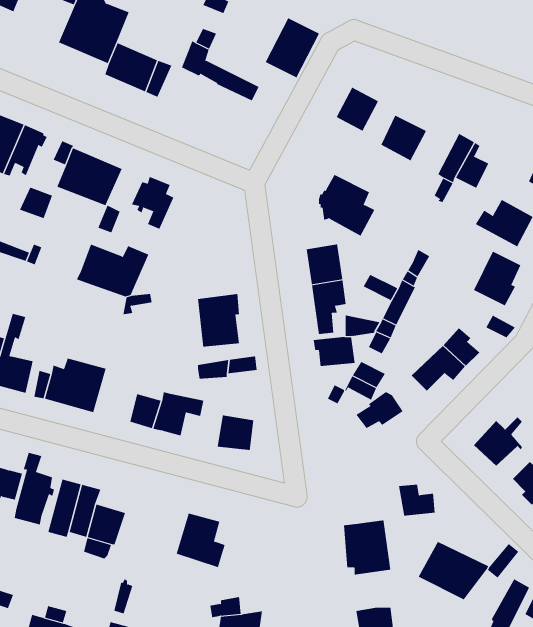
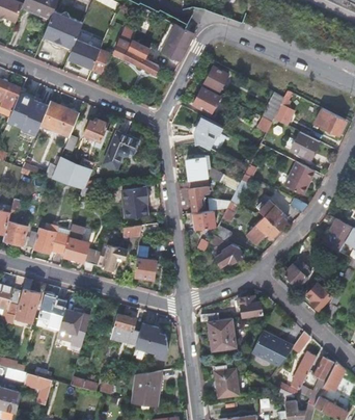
building: [380,115,427,161] -> [193,87,220,114]
building: none -> [103,130,139,168]
building: none -> [62,225,88,263]
building: none -> [134,327,168,362]

